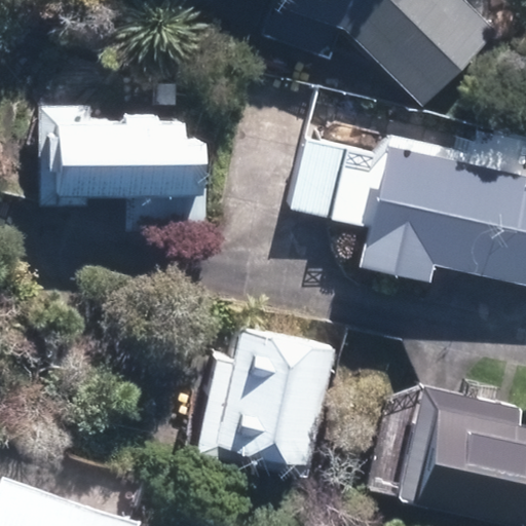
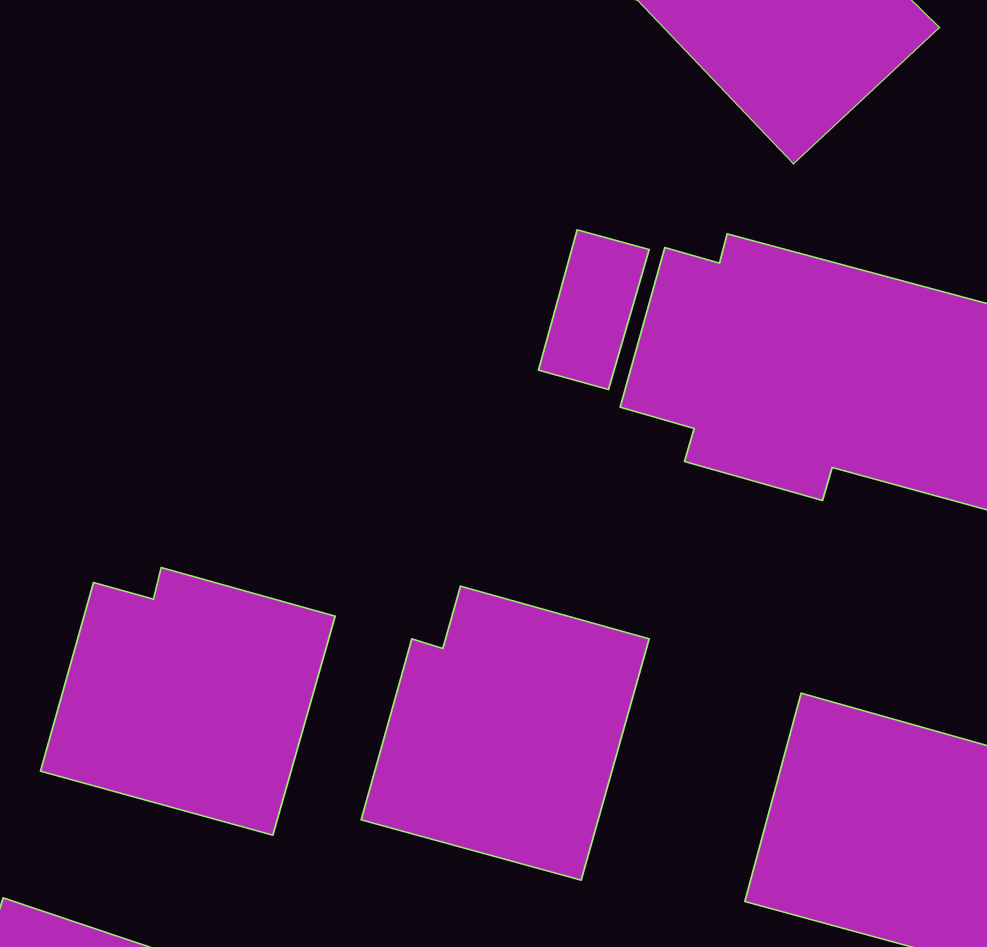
building: [38,103,204,232] -> none
building: none -> [41,568,335,835]

